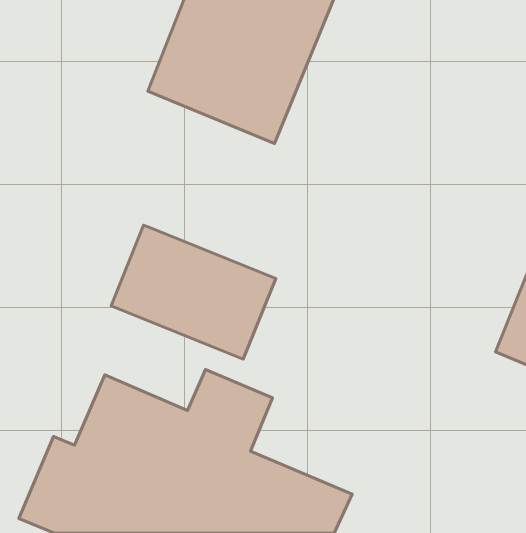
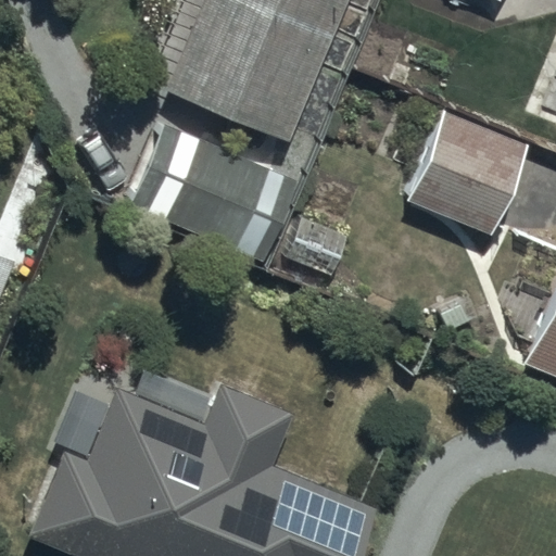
building: none -> [409,111,530,237]
building: [111,225,276,359] -> [130,124,301,263]

